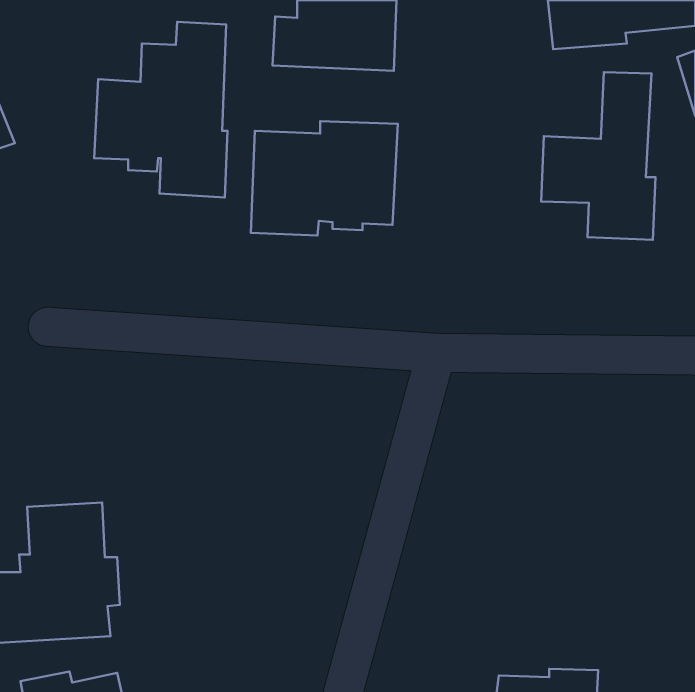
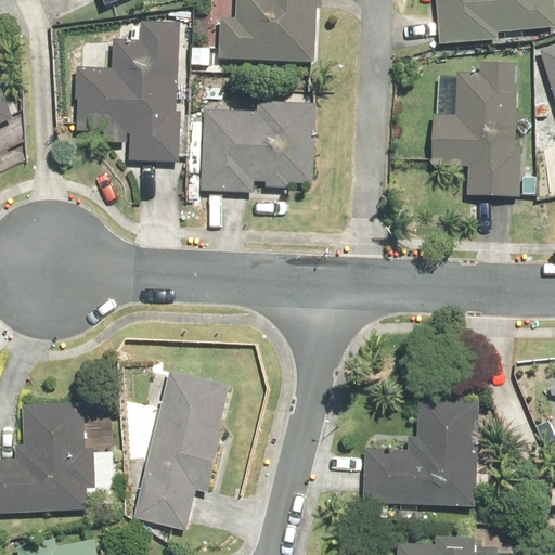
building: none -> [133,369,229,531]
building: none -> [364,395,480,506]

